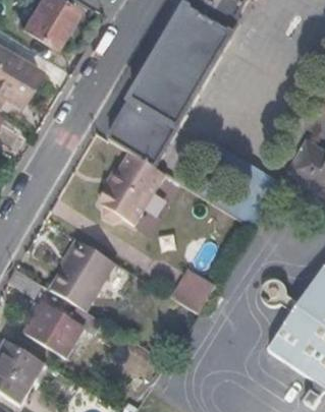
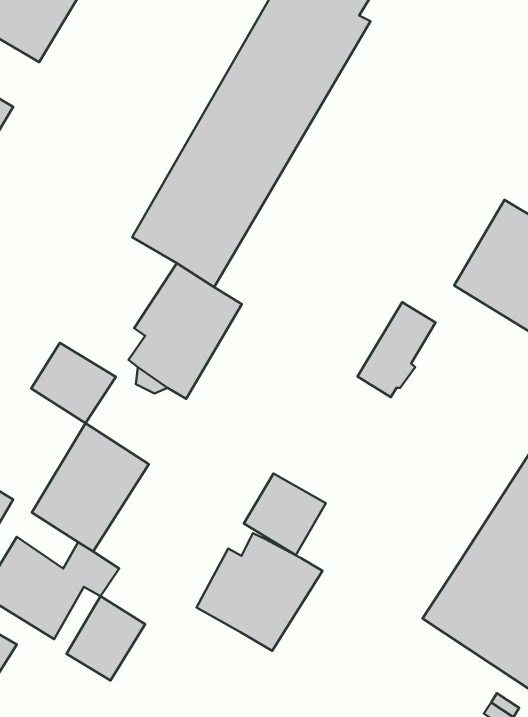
building: none -> [31,343,116,423]
building: none -> [196,533,322,651]
building: none -> [67,596,145,680]

